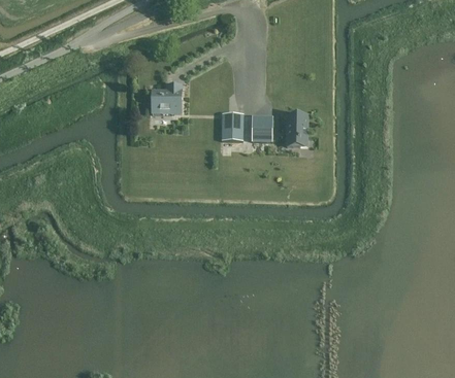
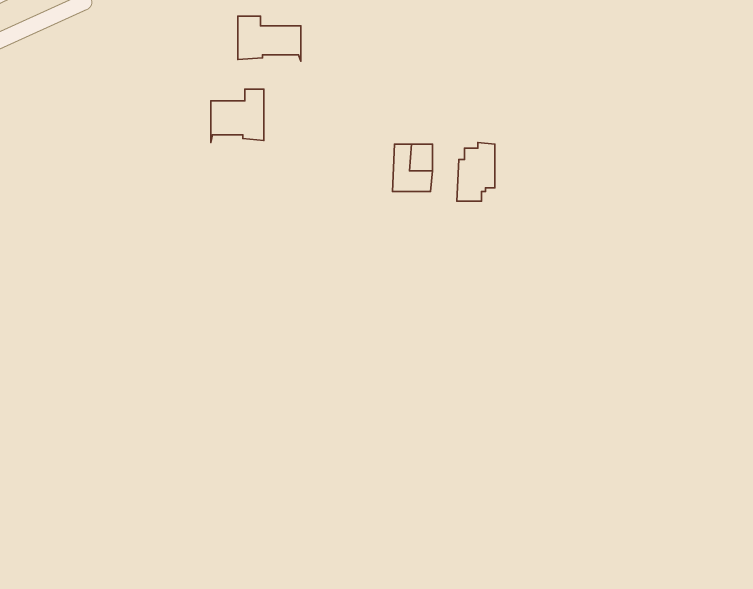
building: none -> [238,16,301,61]
building: [221,113,242,141] -> none

